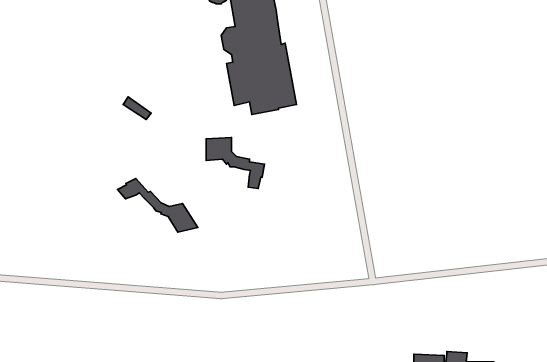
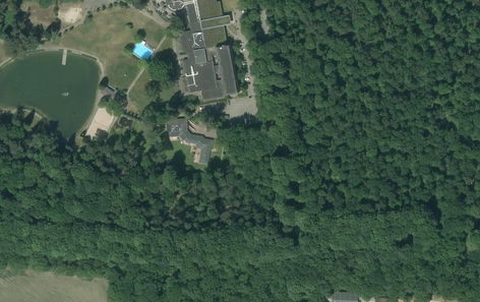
building: [118,178,198,232] -> none

